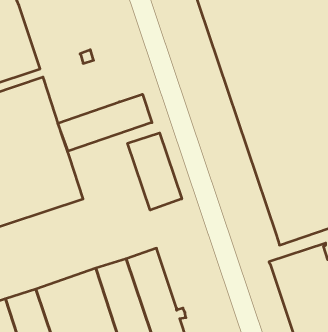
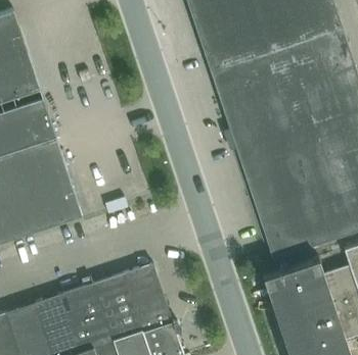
building: [58,94,152,151] -> none
building: [128,133,182,210] -> none

